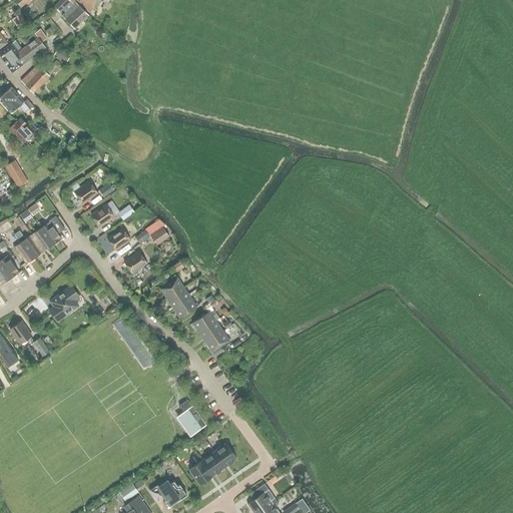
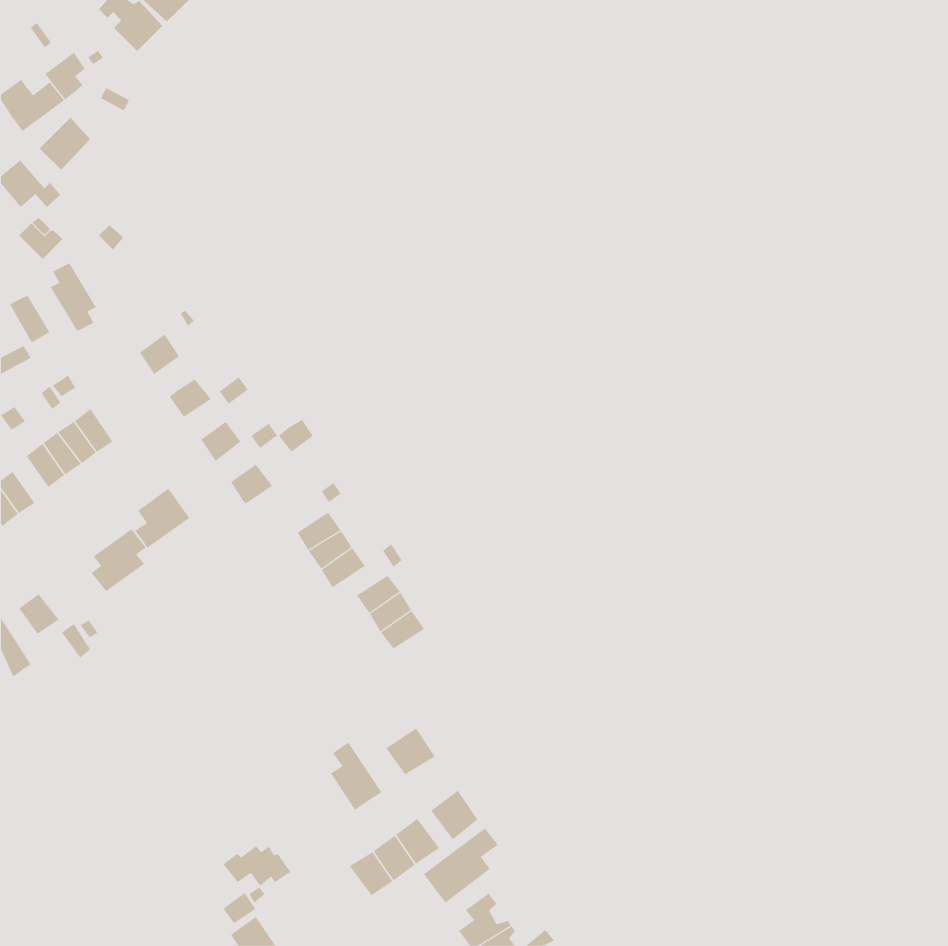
building: none -> [50,262,97,332]
building: none -> [134,488,190,549]
building: none -> [386,727,436,775]
building: none -> [430,790,478,840]
building: none -> [423,827,498,904]
building: [149,480,186,502] -> [223,846,291,887]

